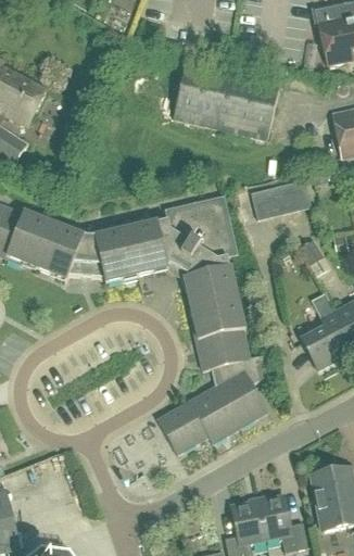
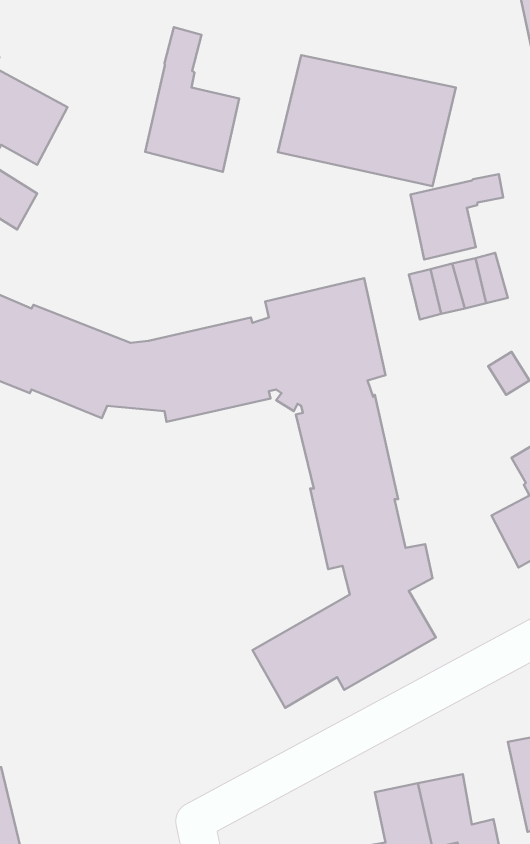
building: none -> [145,27,239,172]
building: none -> [411,174,503,260]

